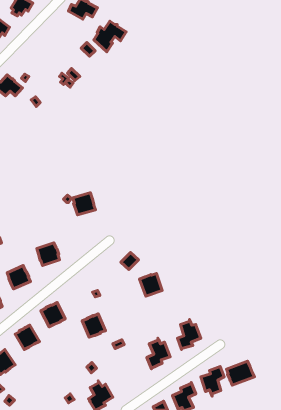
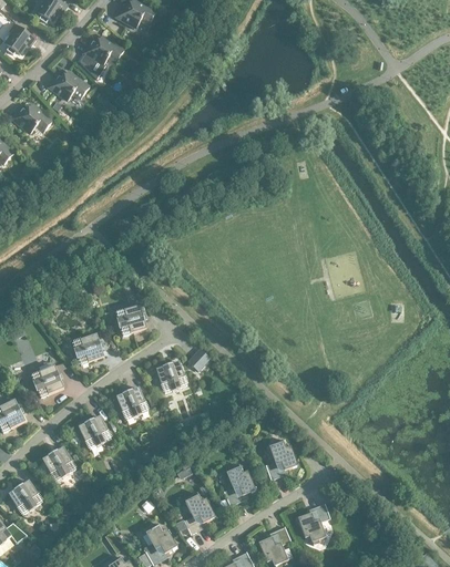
building: [94,21,126,52] -> [78,35,122,78]
building: none -> [47,70,88,100]
building: [73,193,95,215] -> [114,305,145,334]
building: [139,274,162,296] -> [154,361,185,392]
building: [82,314,105,337] -> [114,386,146,419]
building: none -> [182,492,214,534]
building: [227,361,254,385] -> none

